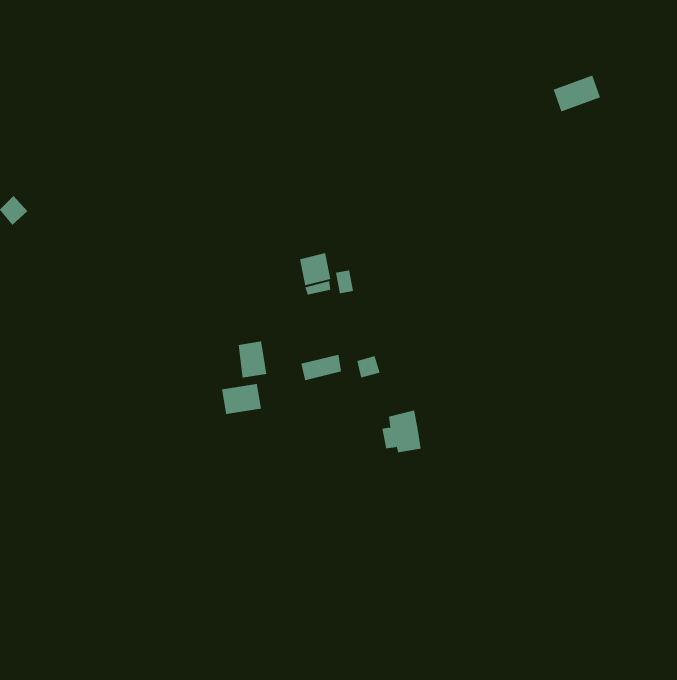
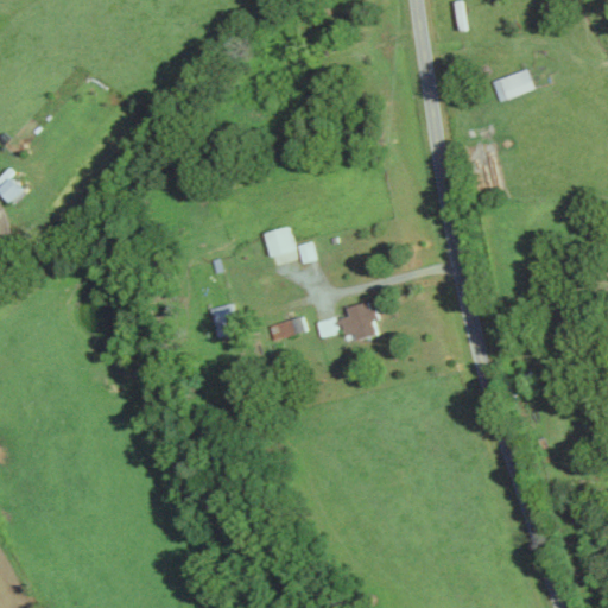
building: [222,383,262,415] -> none
building: [382,410,422,453] -> [341,302,376,340]

